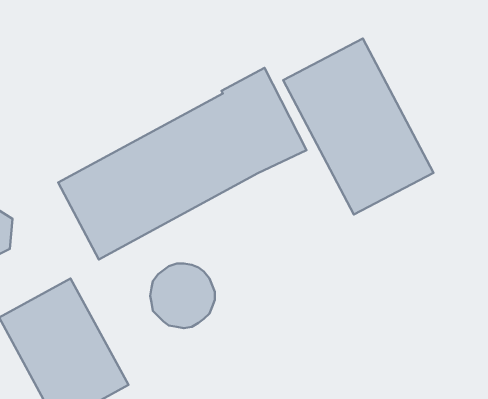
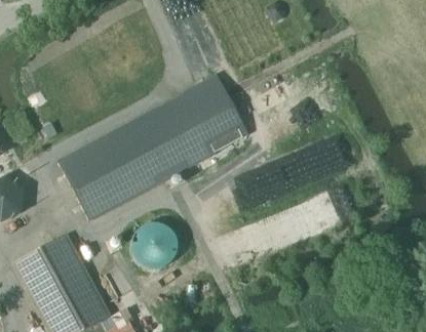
building: [283,38,433,214] -> none

